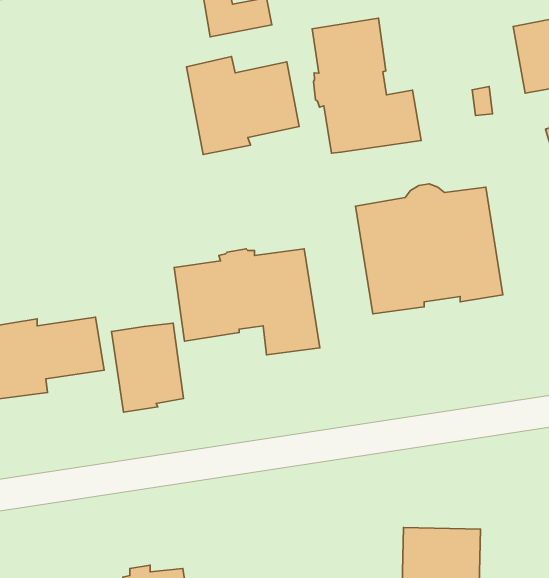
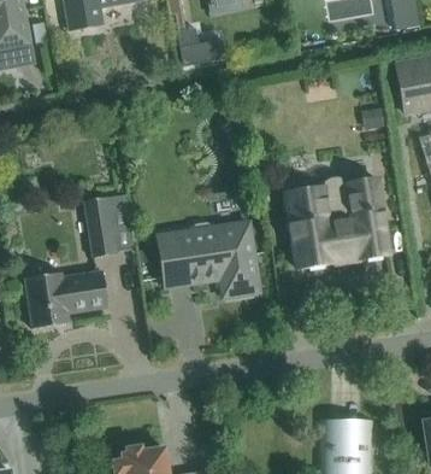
building: [312,18,421,153] -> none
building: [187,56,299,154] -> none
building: [112,323,183,412] -> [84,194,135,257]

